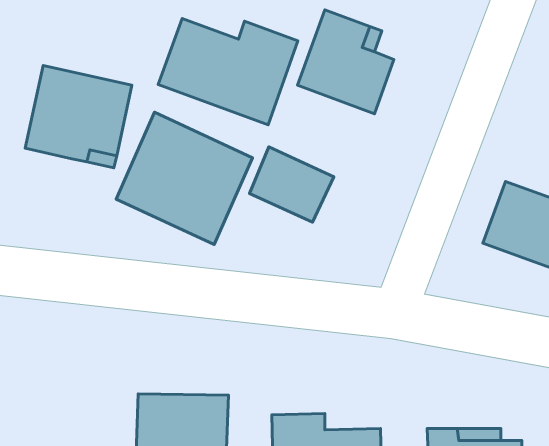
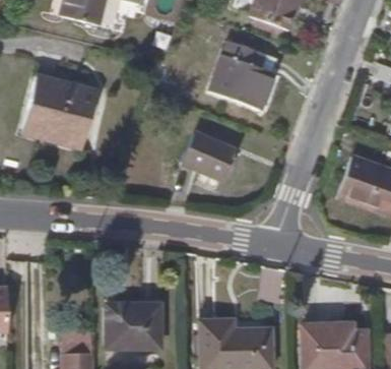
building: [158,18,298,125] -> none
building: [116,112,252,245] -> none

